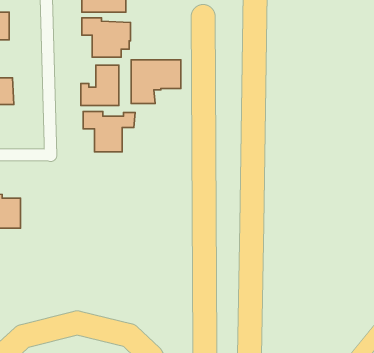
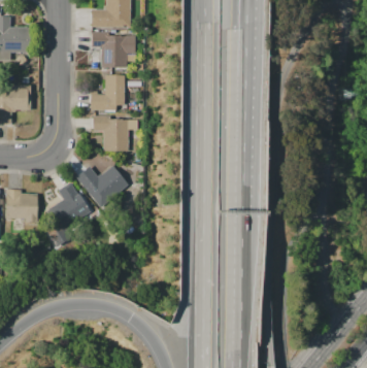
building: [131,60,181,104] -> none
building: none -> [76,165,128,206]
building: none -> [46,181,88,233]

